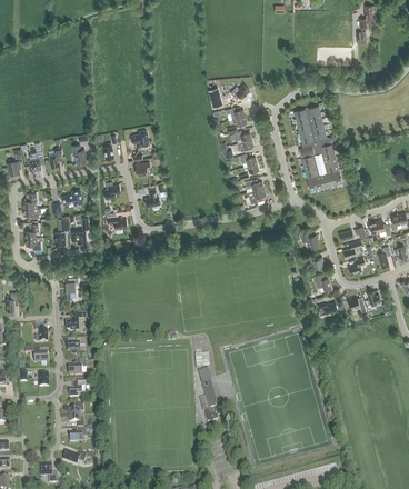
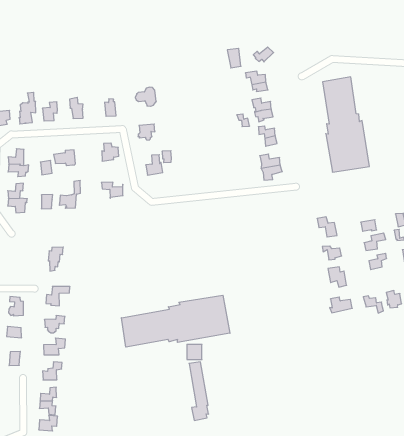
building: none -> [121,295,230,347]

